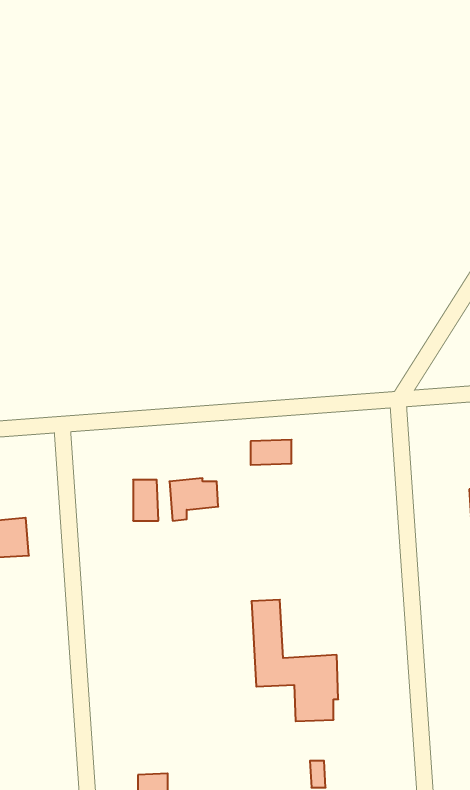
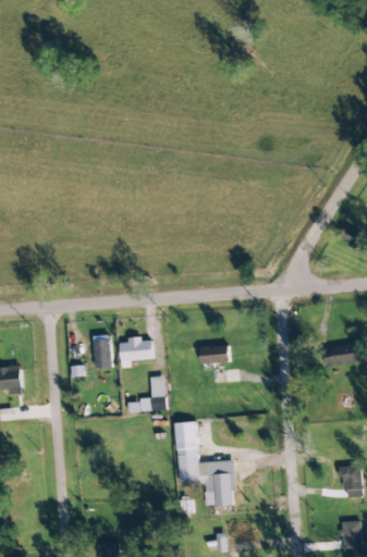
building: [251,440,292,465] -> [201,346,230,363]
building: none -> [130,376,167,412]

